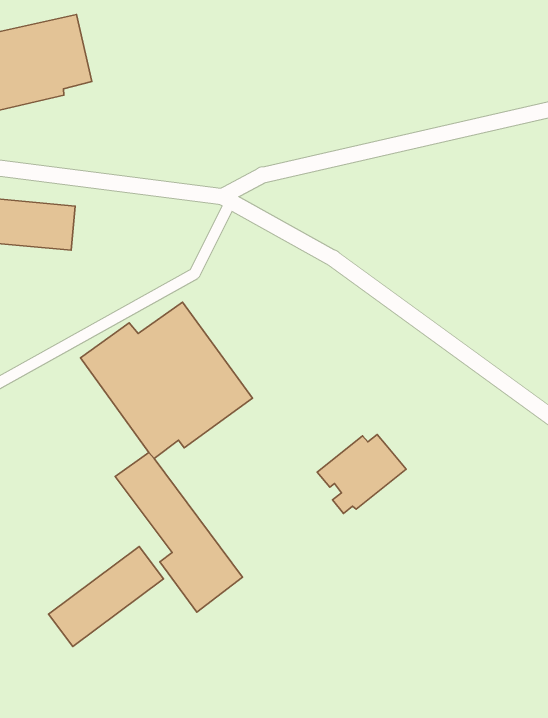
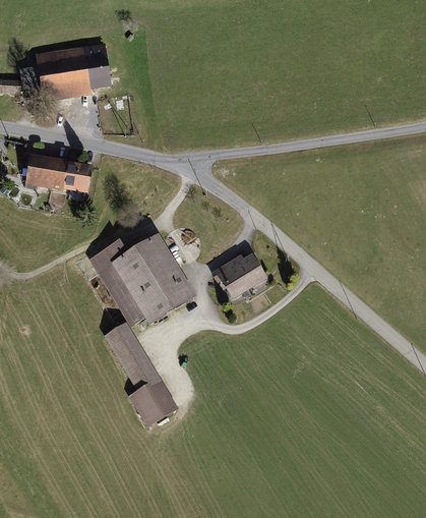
building: [317,434,406,514] -> [210,252,266,300]
building: [48,547,164,646] -> none

